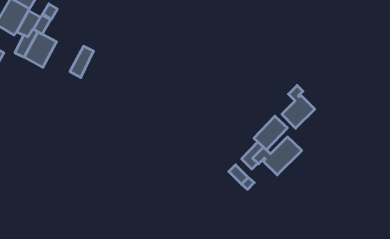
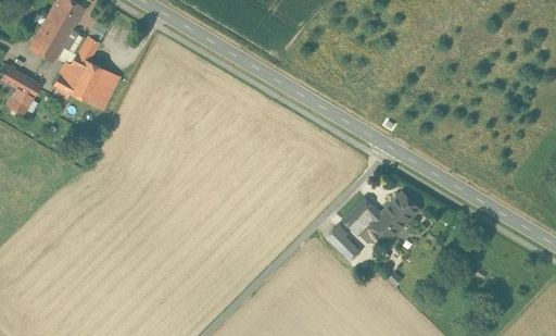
building: [70,46,94,78] -> [89,71,119,111]
building: [282,85,315,128] -> none
building: [254,116,287,150] -> none

